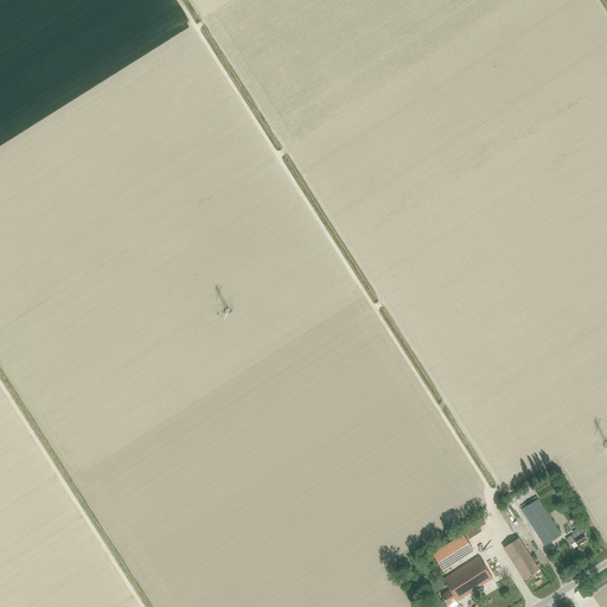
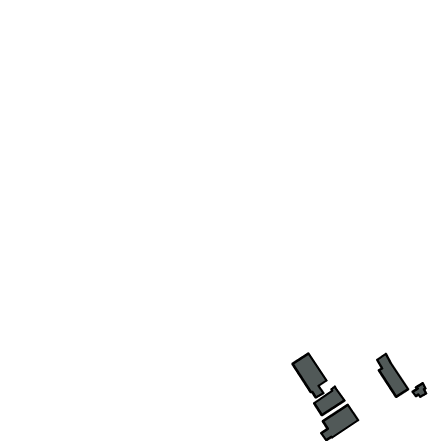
building: none -> [292,353,326,397]
building: [503,537,538,577] -> none

